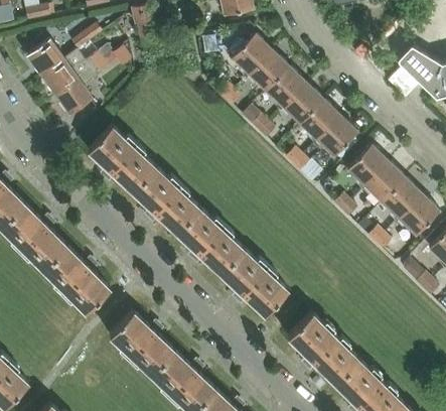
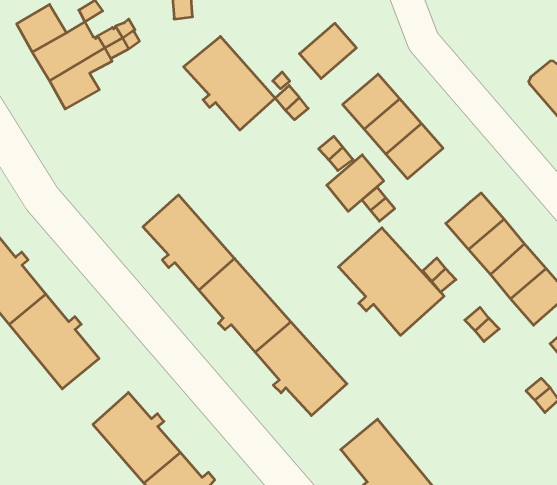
building: [248,50,288,92] -> none
building: [316,116,356,157] -> [327,155,384,211]
building: [87,127,154,192] -> [184,36,275,130]
building: none -> [338,228,444,335]

